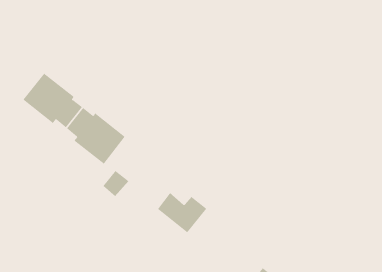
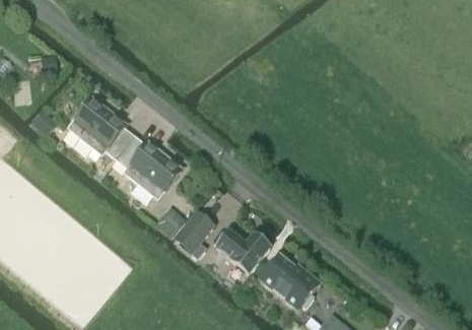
building: none -> [172,209,214,258]
building: none -> [258,254,321,312]

